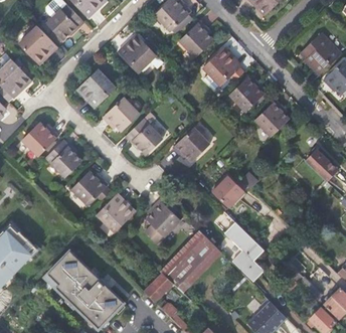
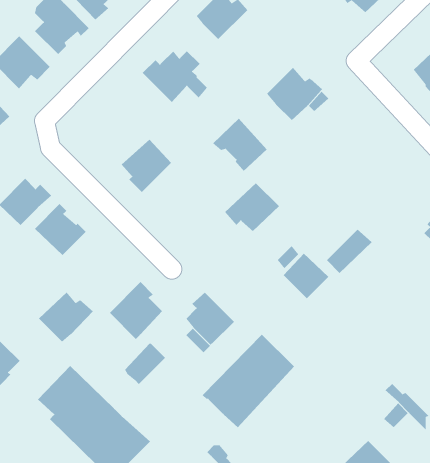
building: [179,21,212,56] -> none
building: [80,69,116,108] -> none
building: [229,77,266,112] -> none
building: [253,100,289,136] -> none
building: [126,119,163,155] -> [212,118,267,172]
building: [71,171,109,205] -> [38,292,94,342]
building: [215,211,254,270] -> none
building: [145,273,173,301] -> [124,343,166,385]

